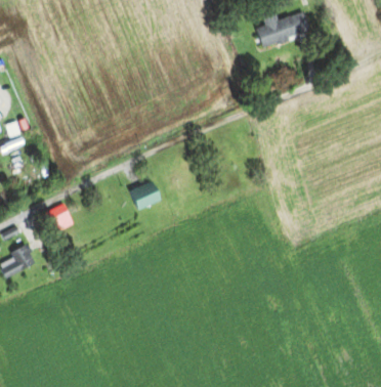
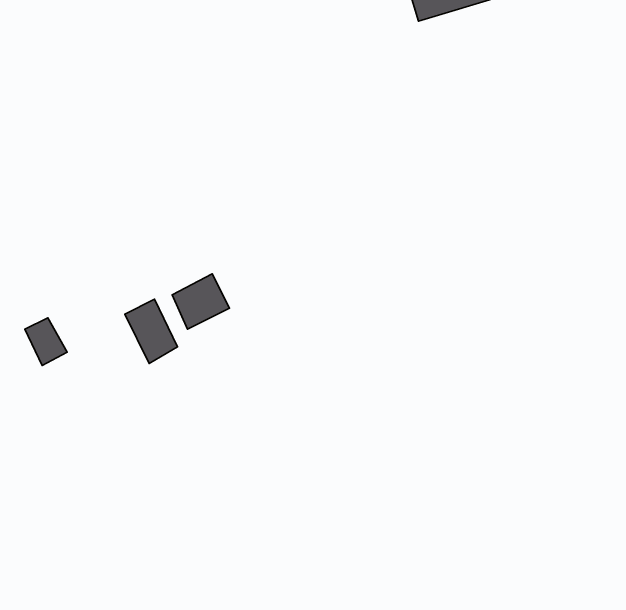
building: none -> [125,299,178,363]

